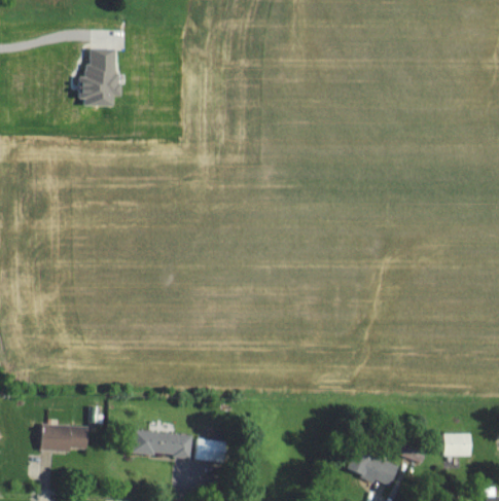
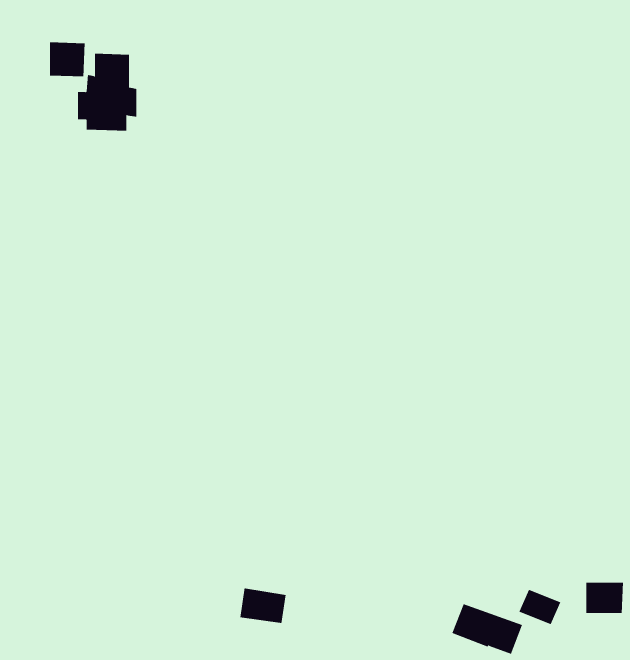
building: none -> [49,42,85,77]
building: [41,424,88,451] -> none
building: [131,429,193,458] -> none

